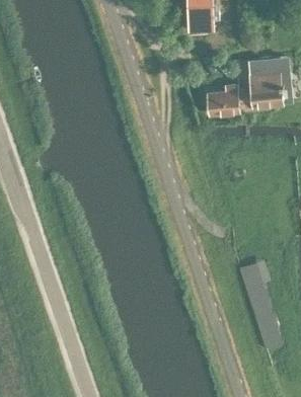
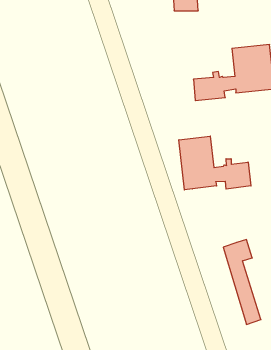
building: none -> [179,136,251,190]

